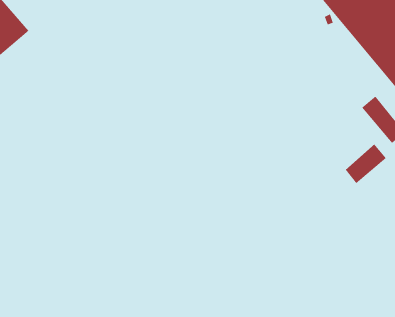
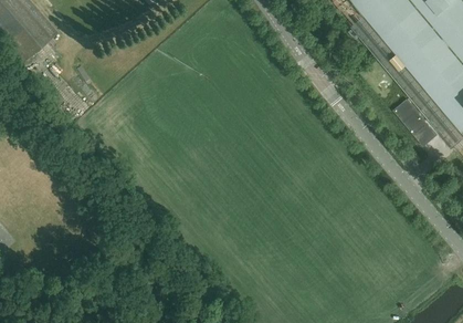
building: [345,144,387,184] -> none

